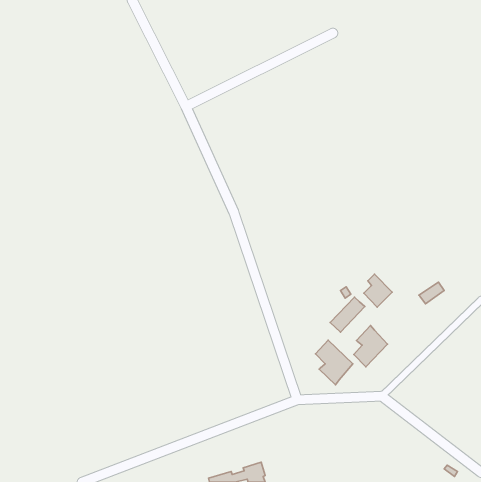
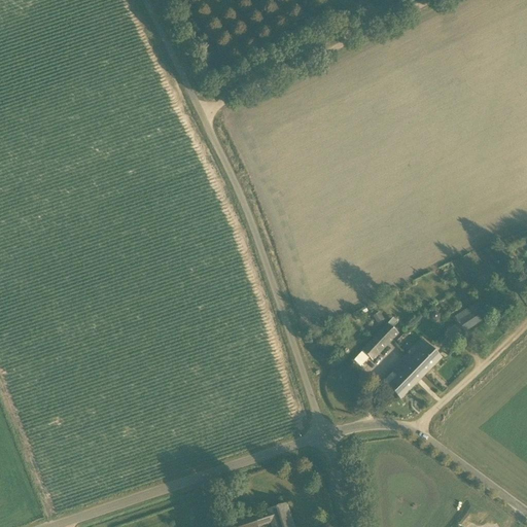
building: [364,274,392,307] -> [409,340,440,376]
building: [315,340,353,385] -> none

